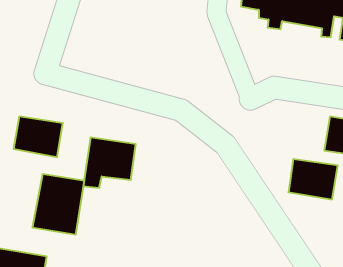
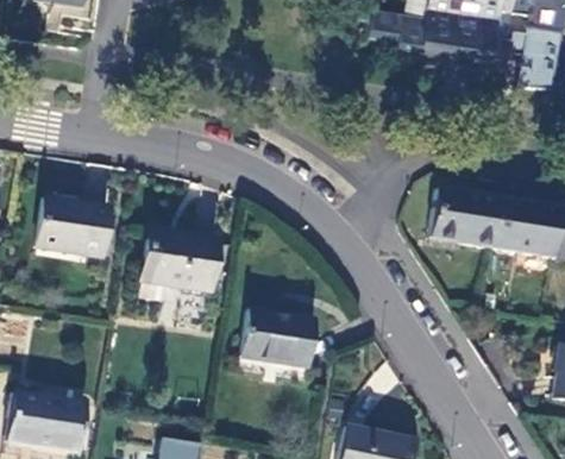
building: [288,159,338,199] -> [431,188,503,247]
building: [33,174,84,235] -> none
building: none -> [243,309,316,367]

